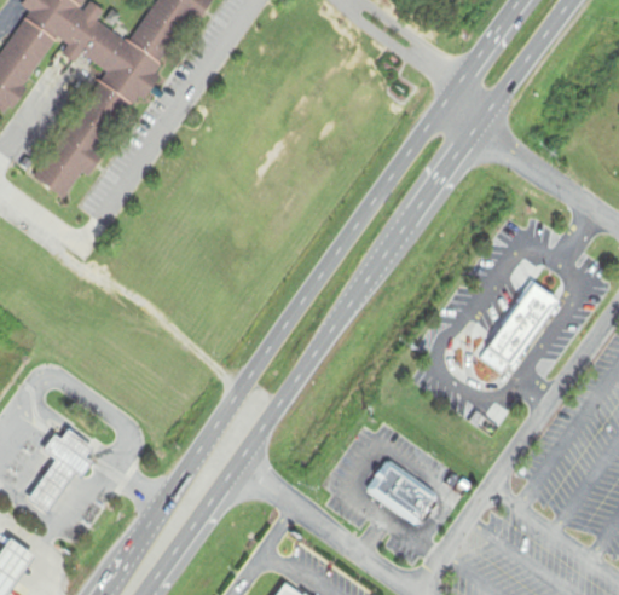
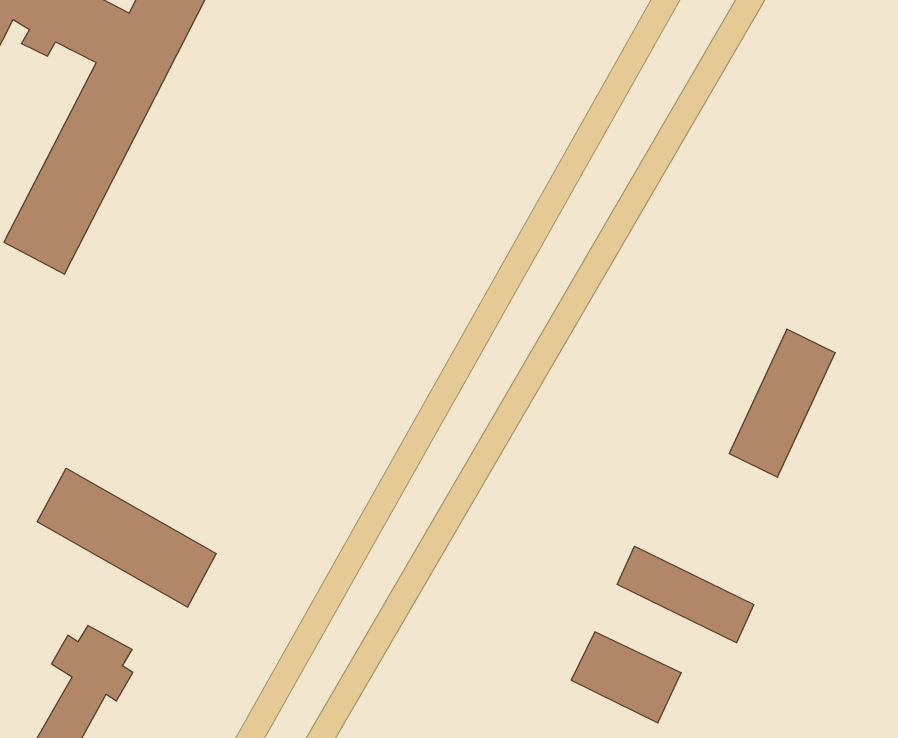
building: none -> [37,468,216,607]
building: none -> [617,546,754,643]

